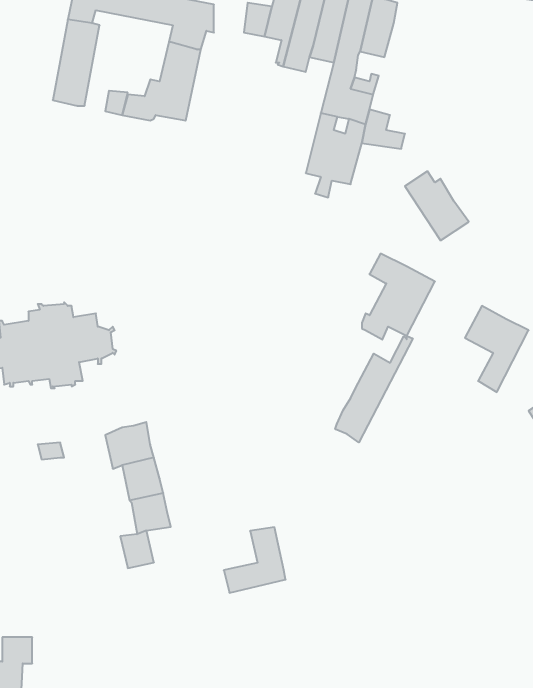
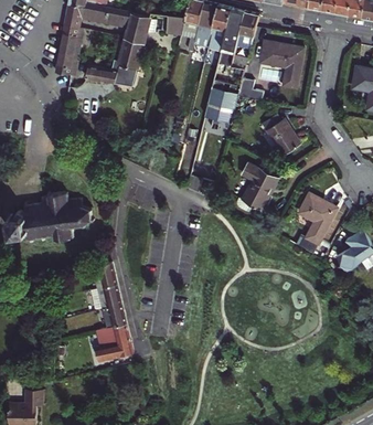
building: none -> [258,40,305,91]
building: [335,336,413,442] -> none
building: [224,527,286,593] -> [95,325,131,363]

